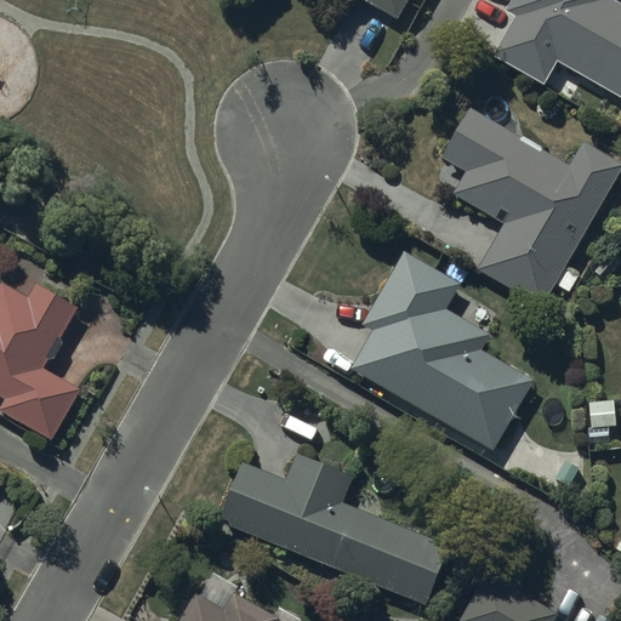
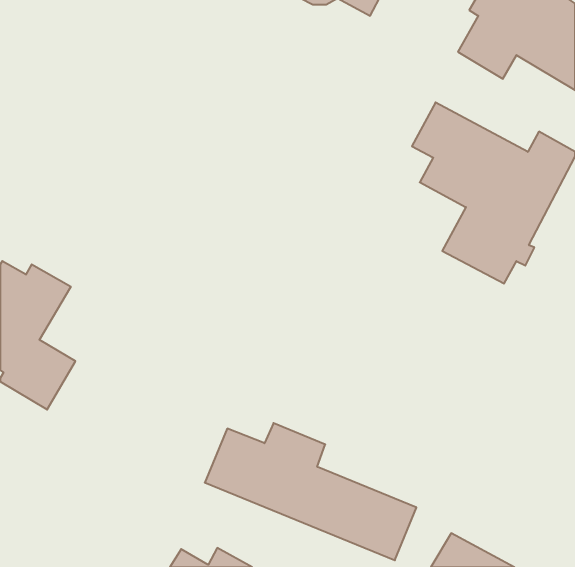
building: [349,250,534,450] -> none

